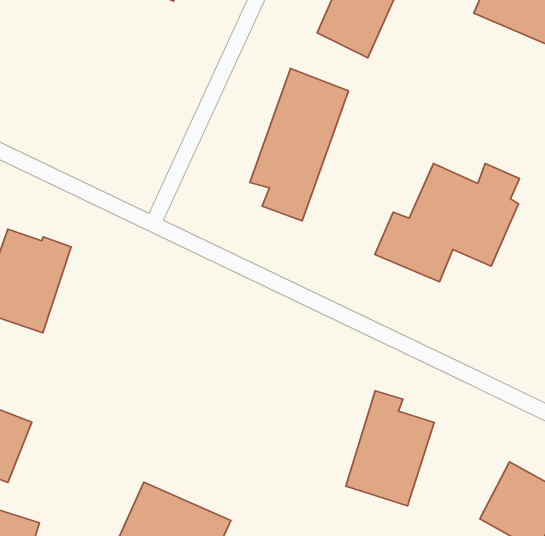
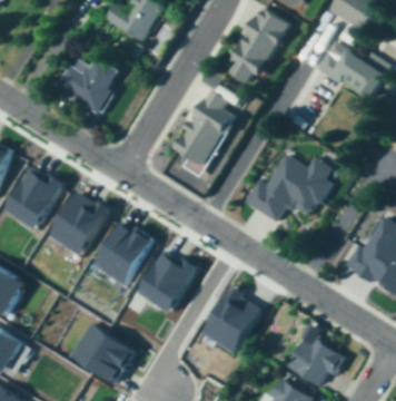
building: none -> [51,60,115,111]
building: none -> [50,192,115,256]
building: none -> [95,222,157,285]
building: none -> [138,247,199,314]

